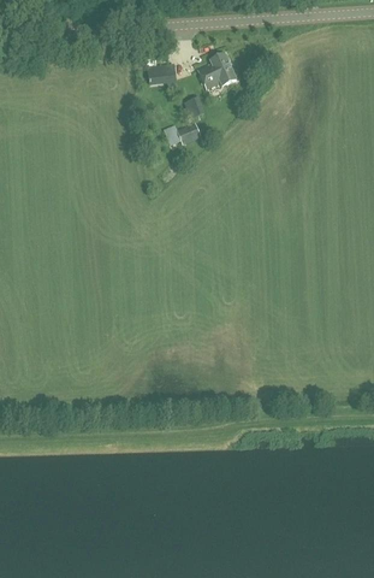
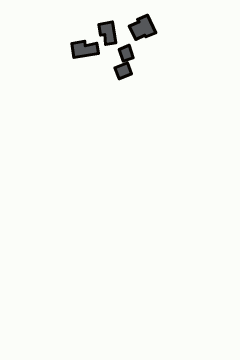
building: none -> [72,41,98,58]

